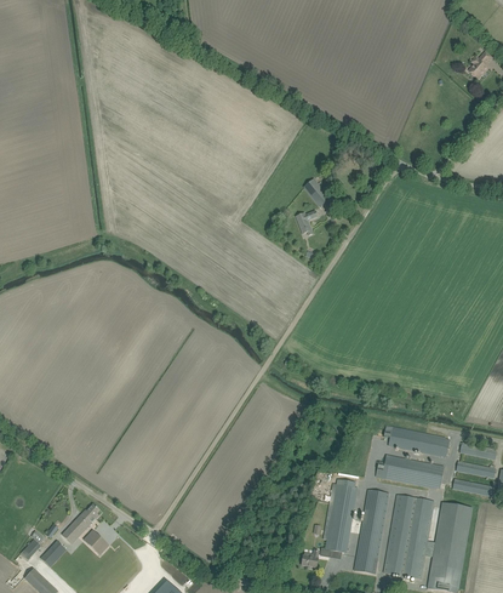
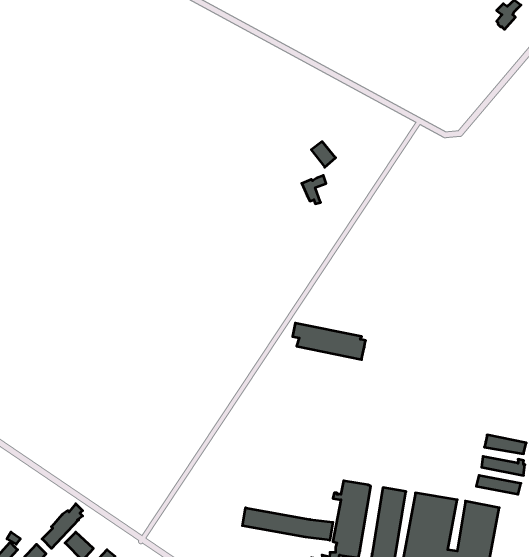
building: [383,423,448,456] -> [293,323,366,360]
building: [375,455,444,487] -> none
building: none -> [242,508,333,540]

